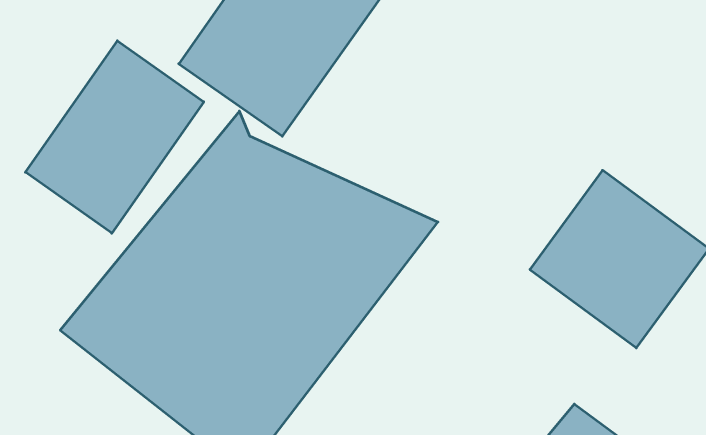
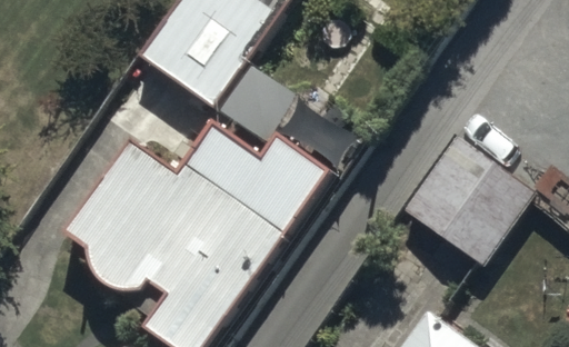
building: [25,41,204,233] -> none

